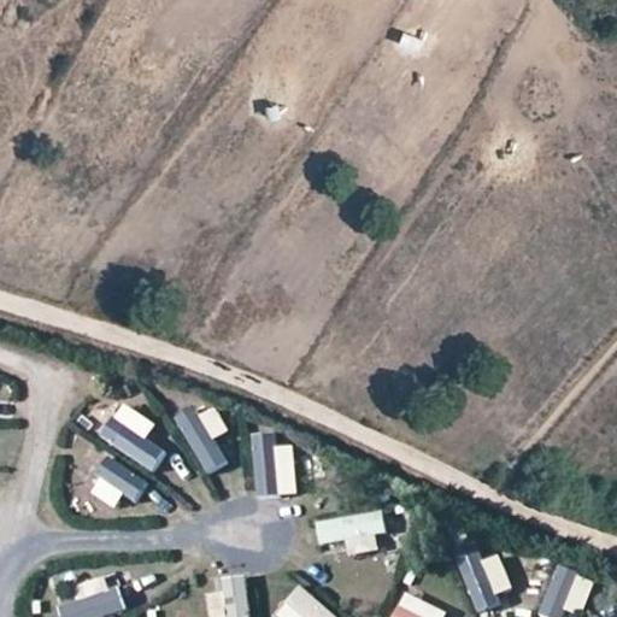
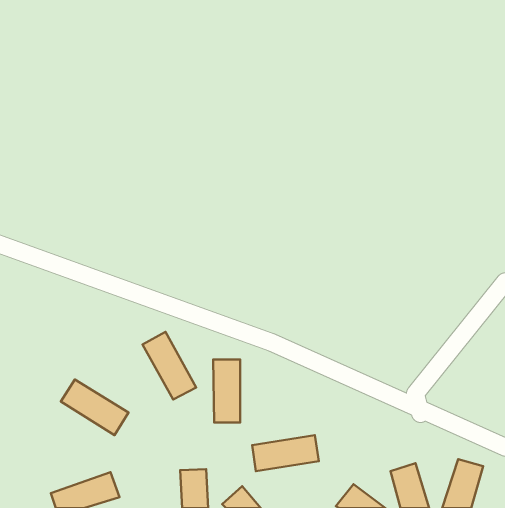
building: [92,404,174,470] -> none

